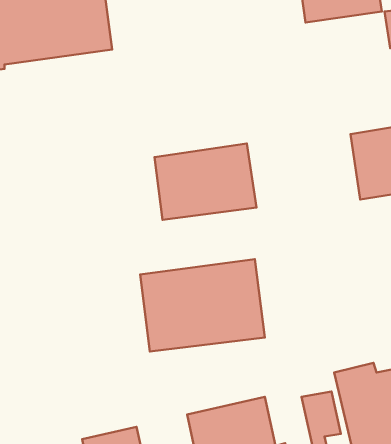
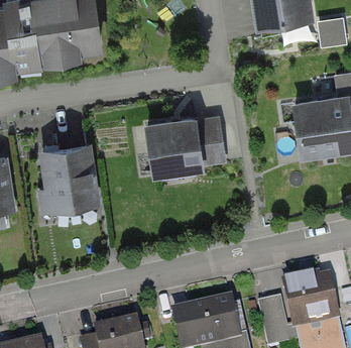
building: none -> [39,142,102,213]
building: [140,259,265,351] -> none

